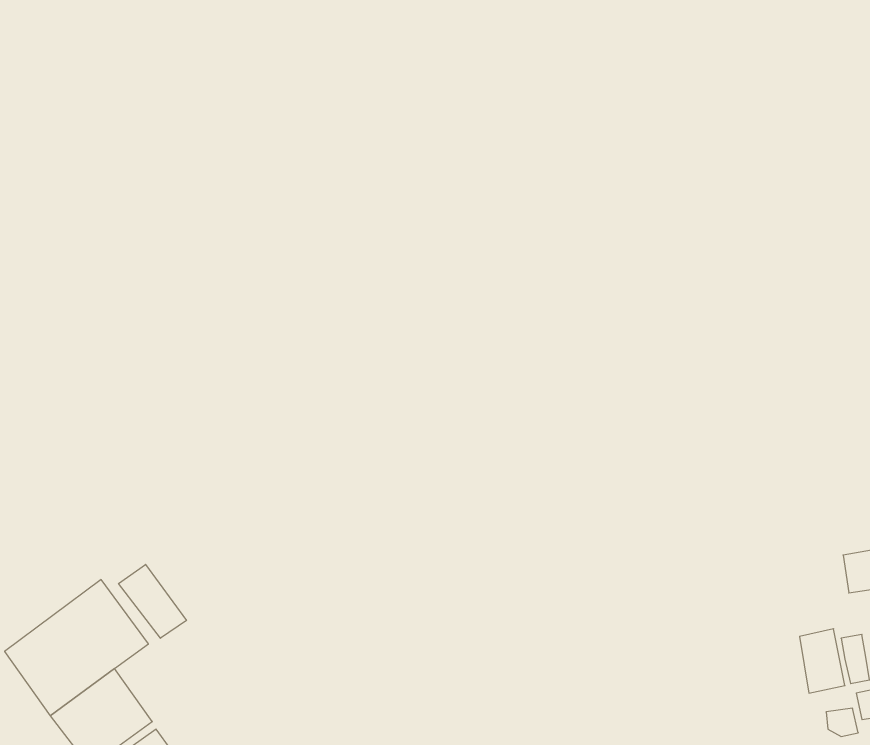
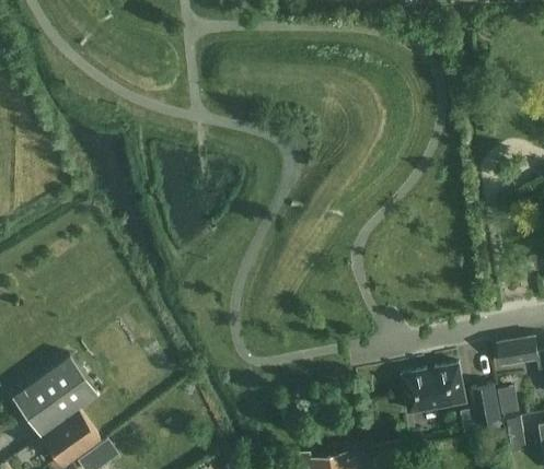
building: [119,564,186,638] -> none
building: none -> [403,365,466,414]

